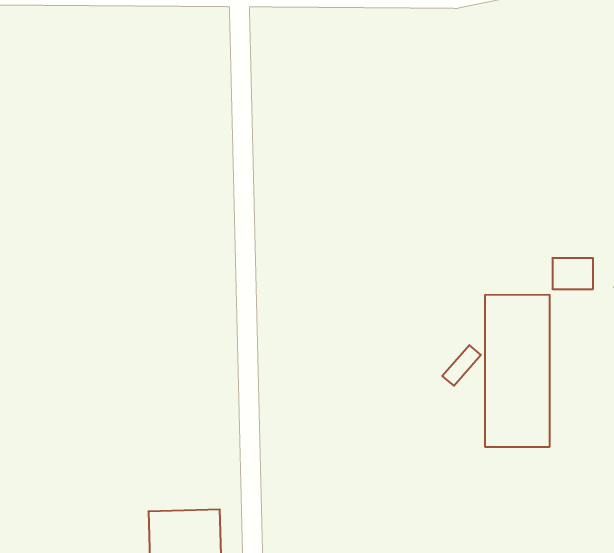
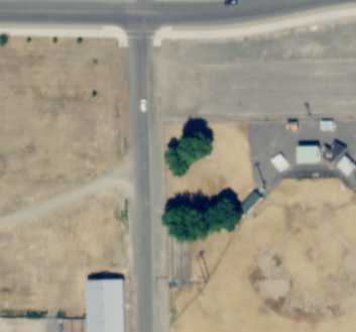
building: [485,295,549,447] -> none

